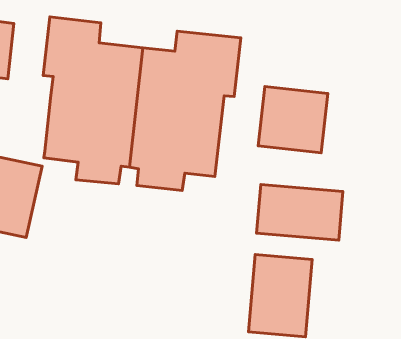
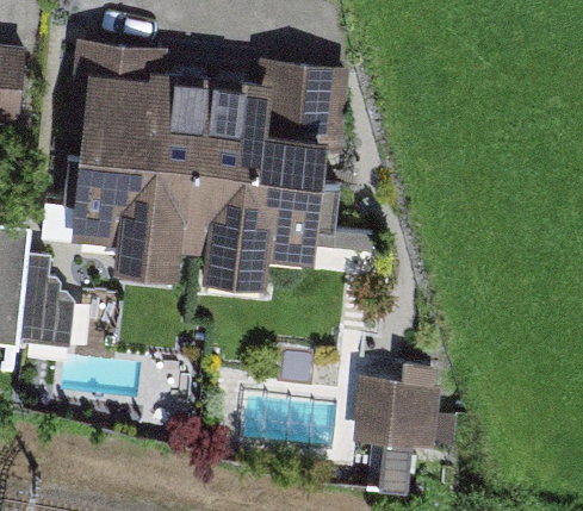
building: [258,86,328,153] -> none
building: [257,184,343,240] -> none

